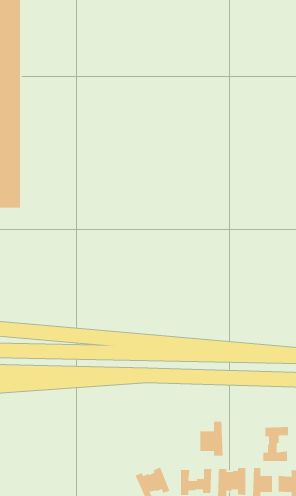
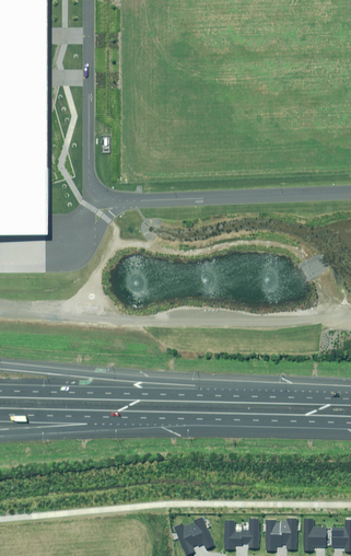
building: [200,421,223,456] -> none
building: [263,426,289,462] -> none

